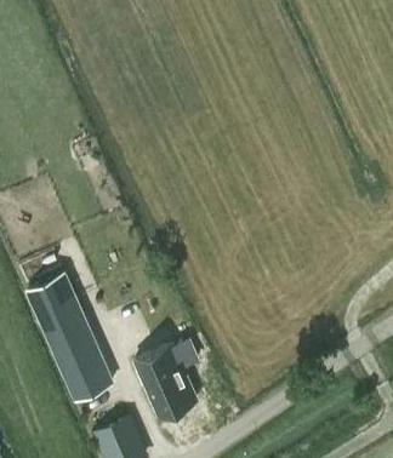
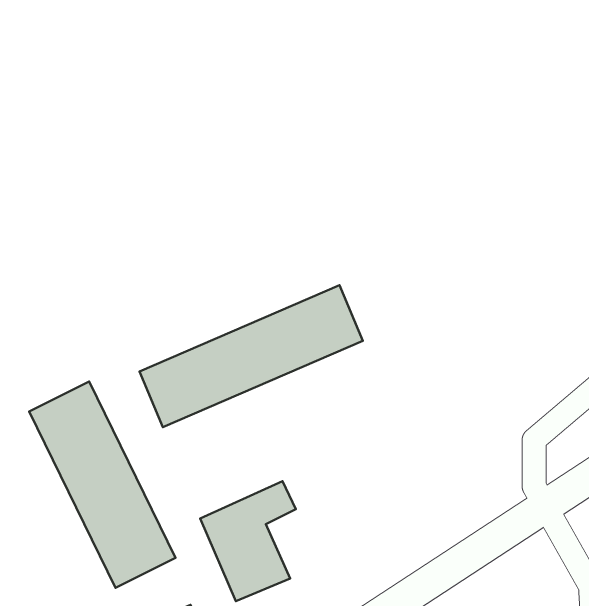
building: none -> [140,285,363,427]

